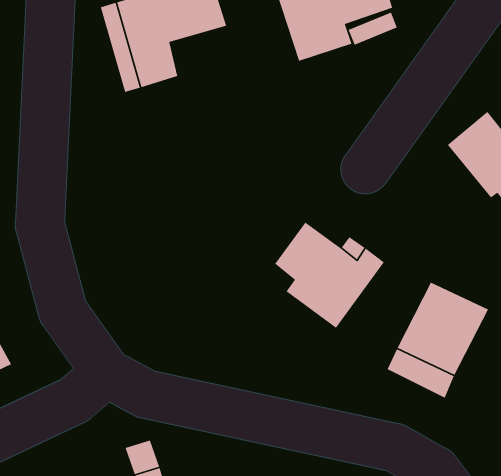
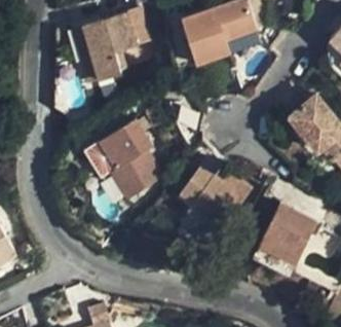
building: none -> [99,119,164,199]

